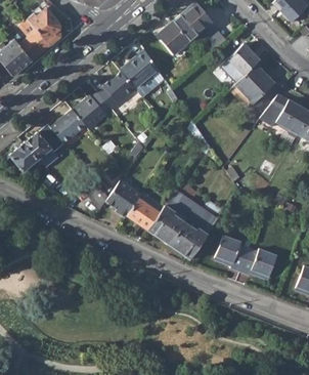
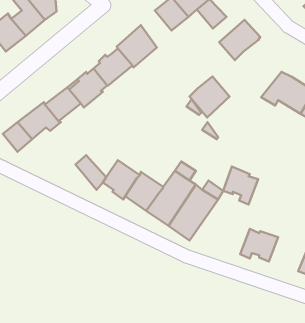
building: [234,64,273,103] -> [189,76,229,118]
building: [215,235,249,272] -> [223,167,258,205]

